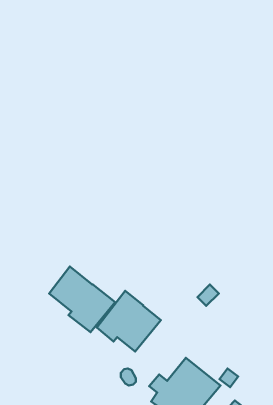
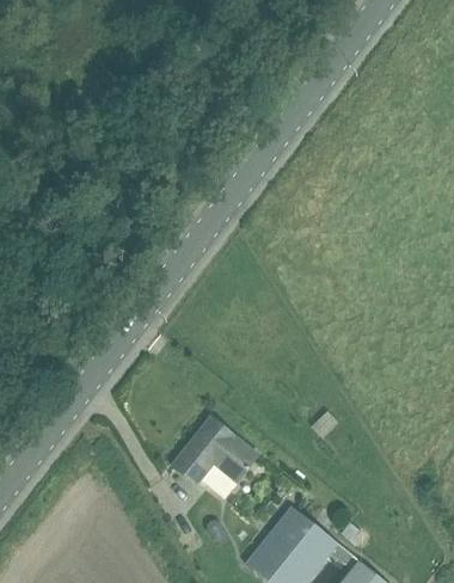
building: [49,267,115,332] -> none

